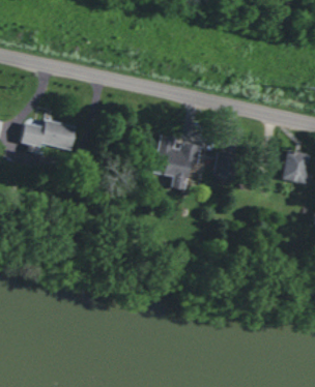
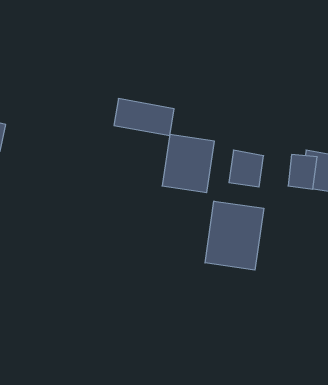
building: [21,121,77,155] -> [114,99,174,135]
building: none -> [205,201,264,270]

